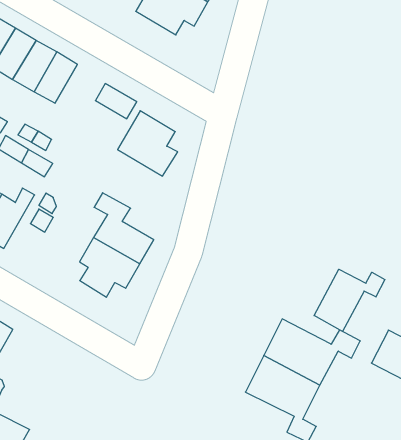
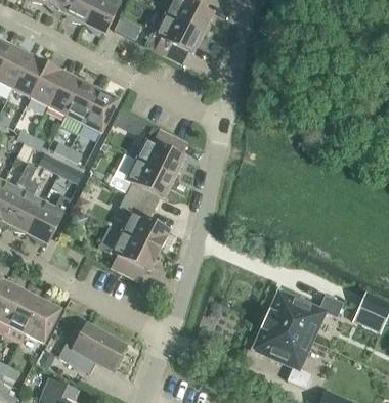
building: none -> [82,90,117,132]
building: none -> [107,152,173,205]
building: [314,269,385,331] -> none
building: none -> [57,323,125,373]

